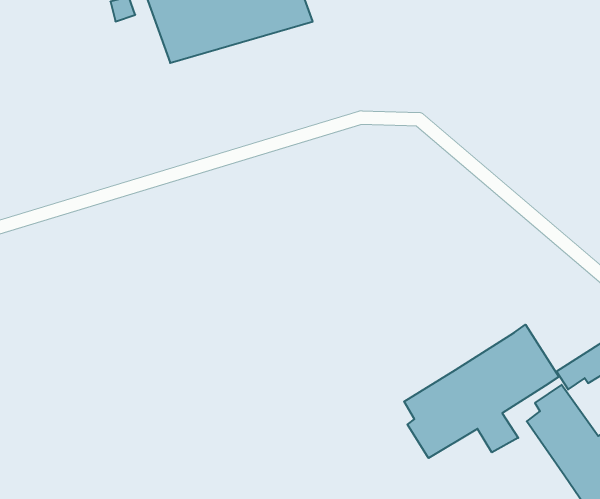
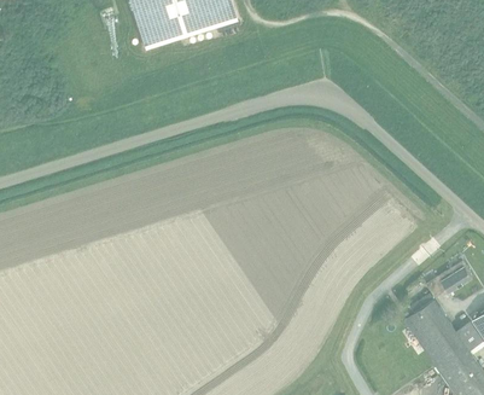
building: [404,325,559,458] -> none

